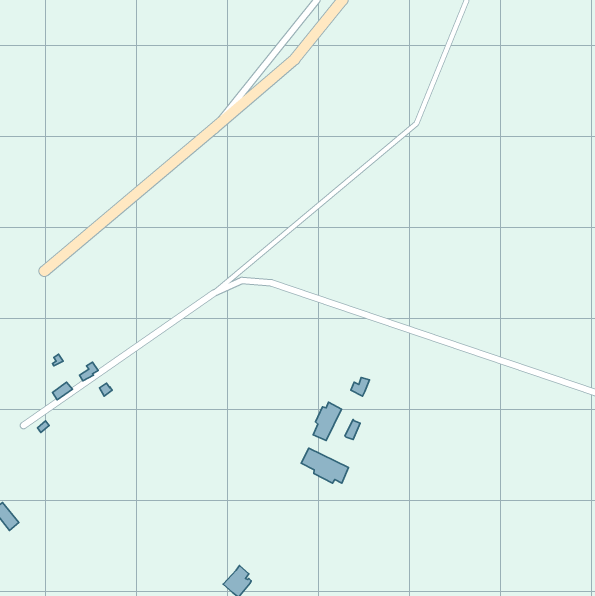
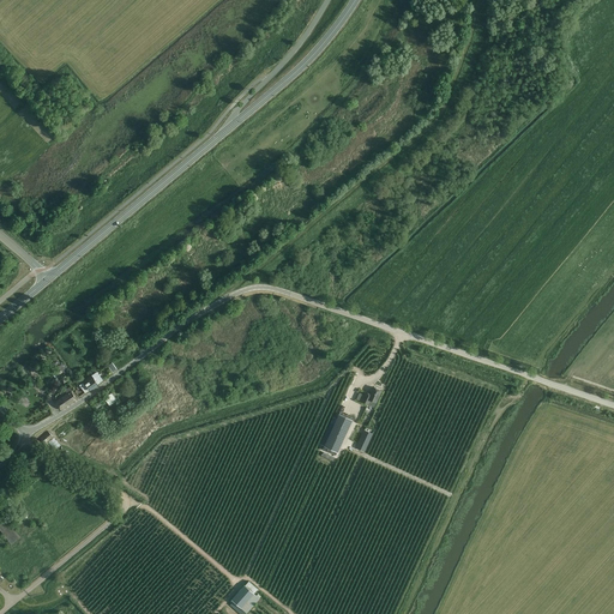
building: [301,448,349,483] -> none

